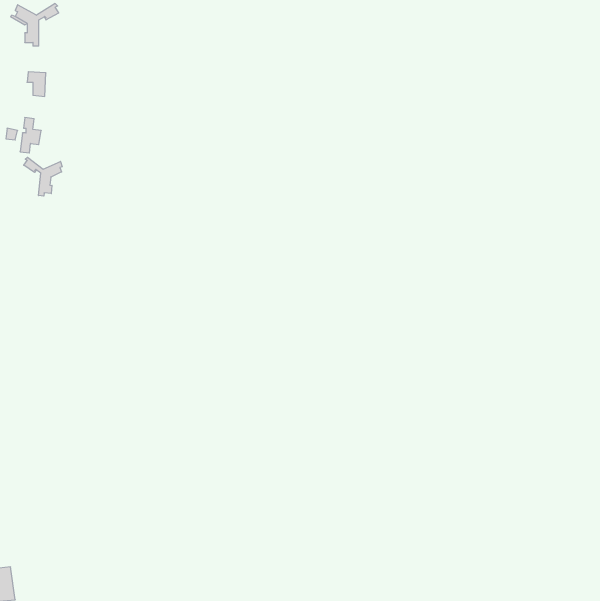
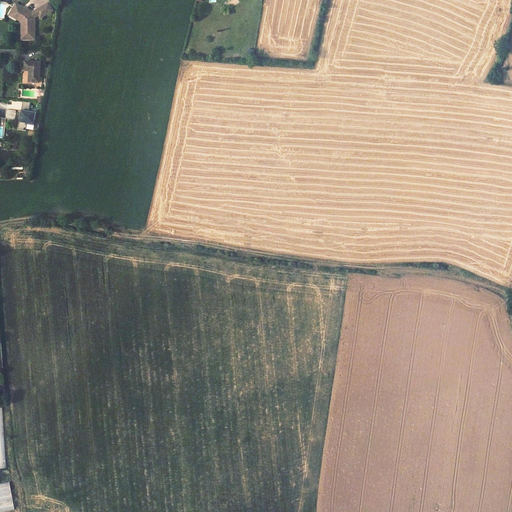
building: [24,157,62,196] -> none

